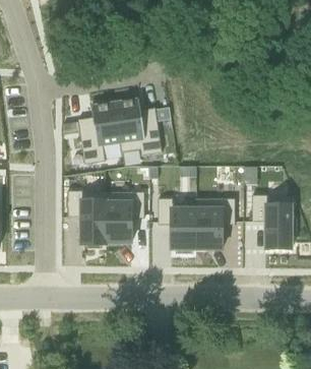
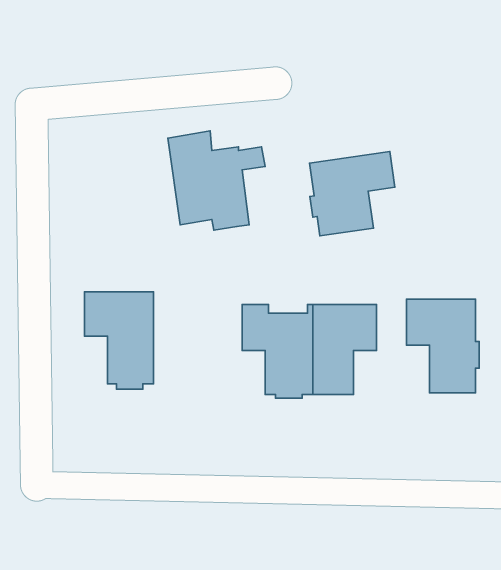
building: [62,102,122,164] -> none
building: none -> [309,152,395,236]
building: [107,191,144,242] -> none

